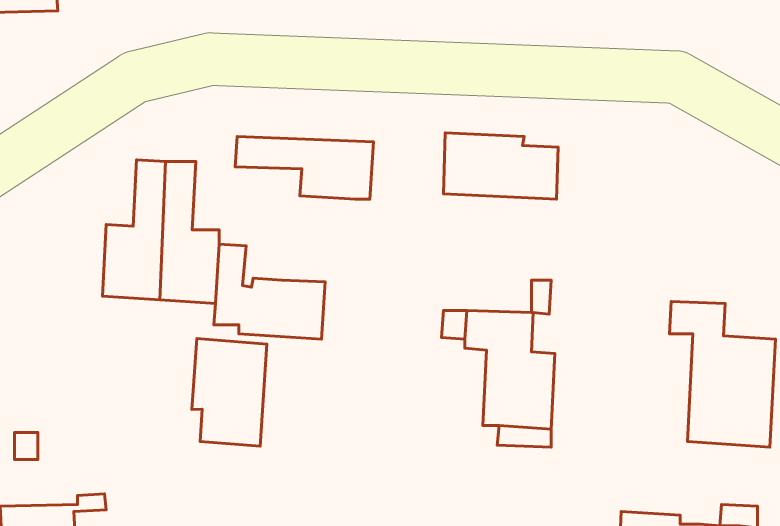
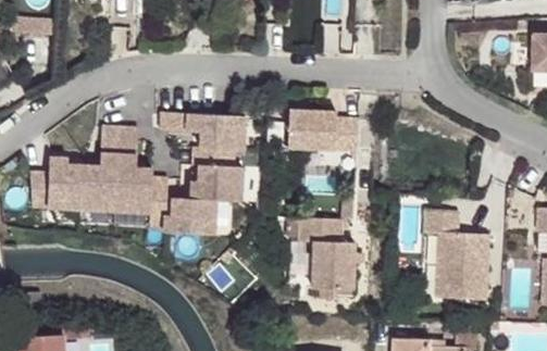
building: none -> [189,148,241,201]
building: none -> [29,158,83,209]
building: [192,338,267,446] -> none

